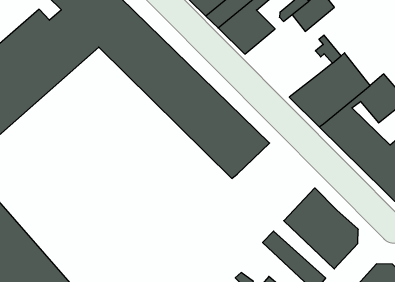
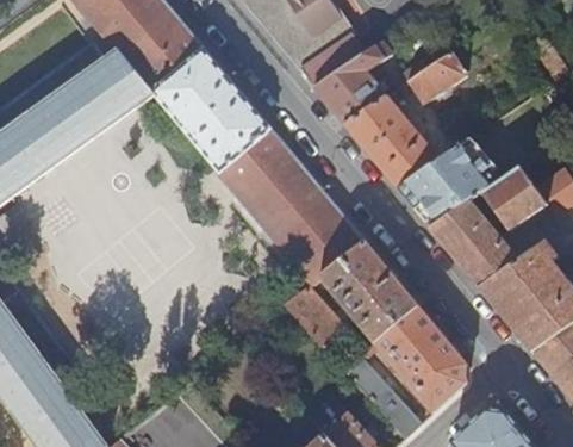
building: none -> [345,98,440,187]
building: none -> [320,243,418,344]
building: none -> [285,287,344,347]

